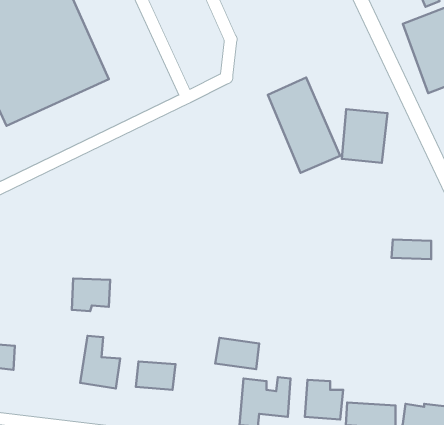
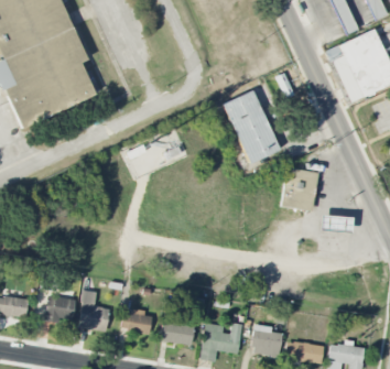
building: [342,109,387,163] -> [282,169,317,210]
building: [72,278,110,311] -> [45,297,75,323]
building: [215,338,259,369] -> [160,322,194,346]

